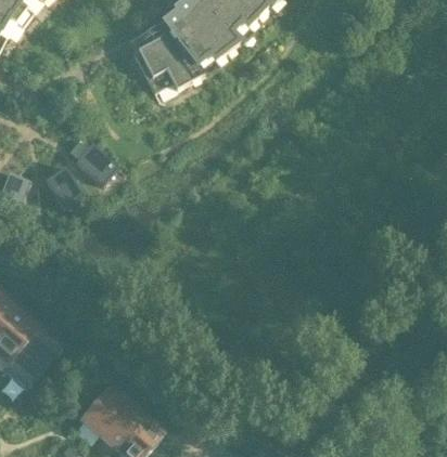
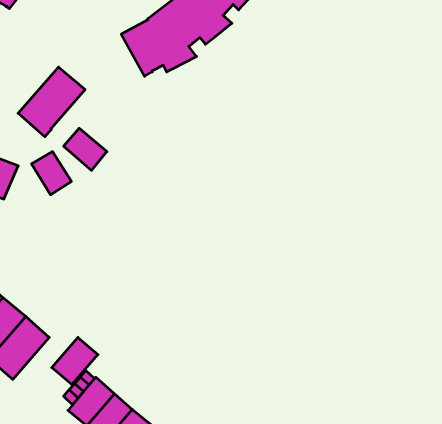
building: none -> [18,67,85,137]
building: none -> [52,337,98,385]

